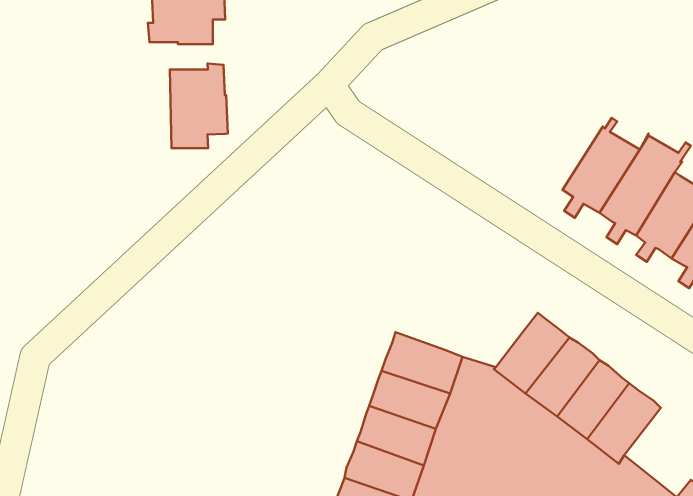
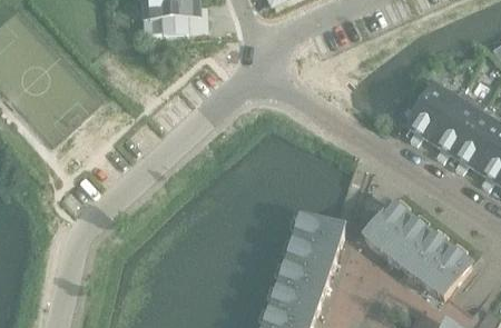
building: [170,64,228,148] -> none

